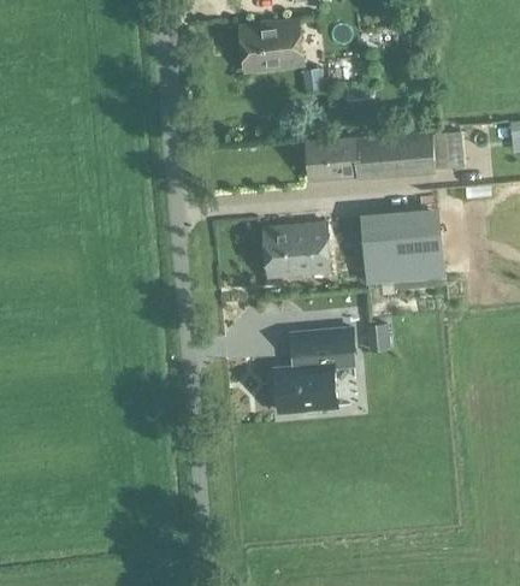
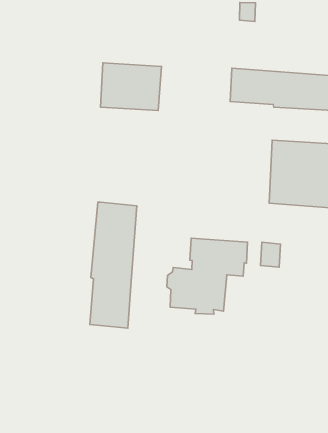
building: [261,224,329,278] -> [101,63,162,110]
building: none -> [90,202,137,328]

